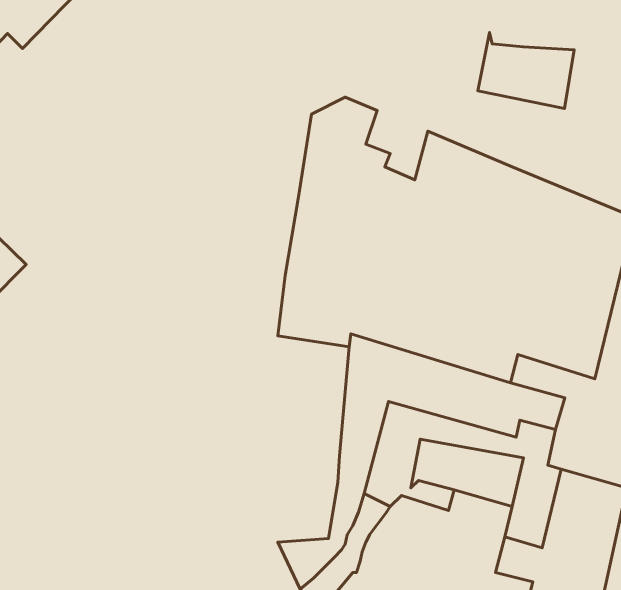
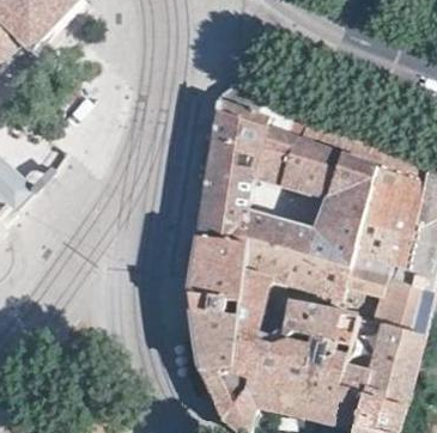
building: [478,33,574,109] -> none
building: none -> [186,234,241,366]

